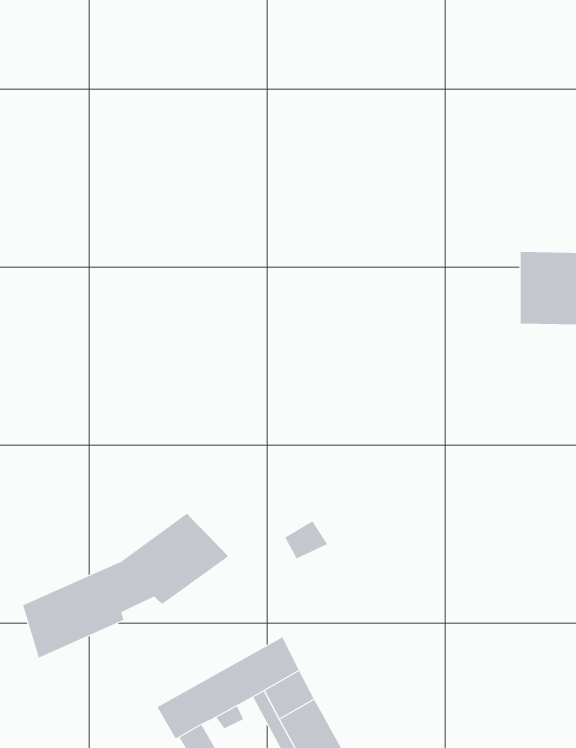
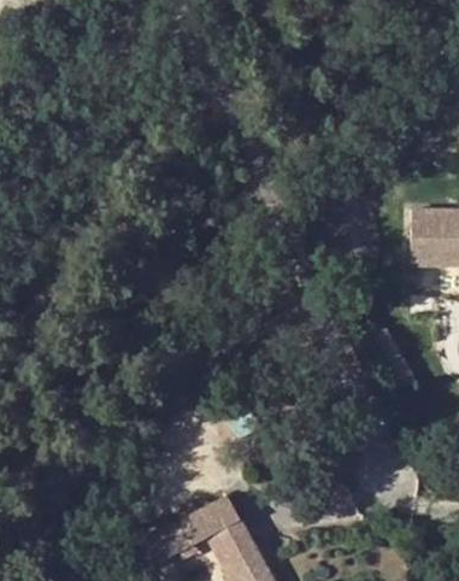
building: [23,513,229,658] -> none

